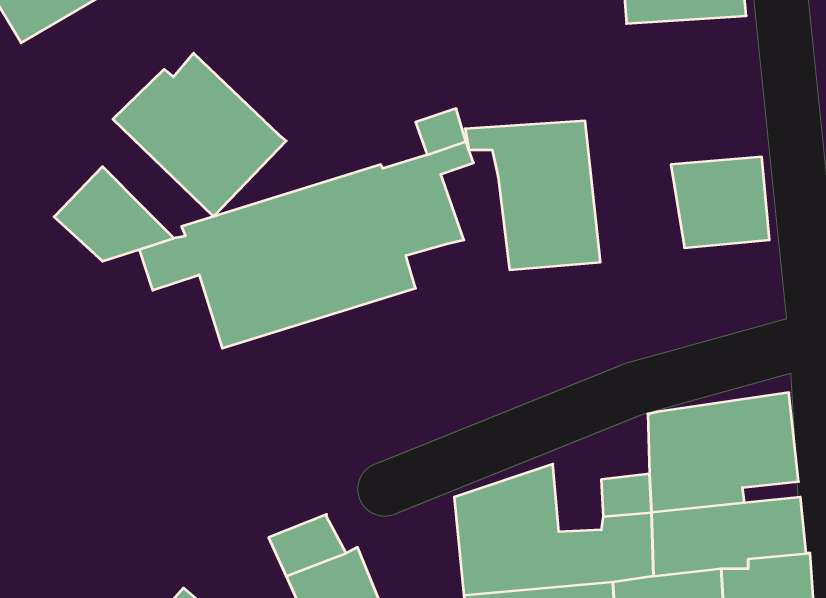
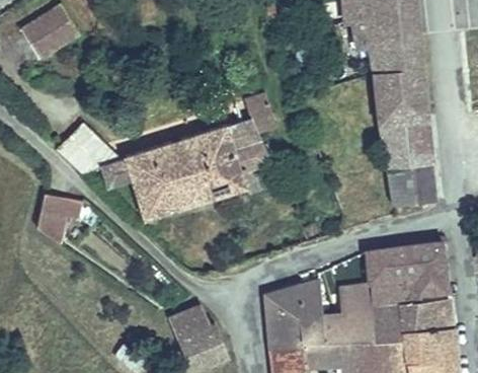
building: [113,53,286,217] -> none
building: [465,121,600,270] -> [356,44,427,122]
building: none -> [387,161,435,203]
building: none -> [36,194,70,243]

